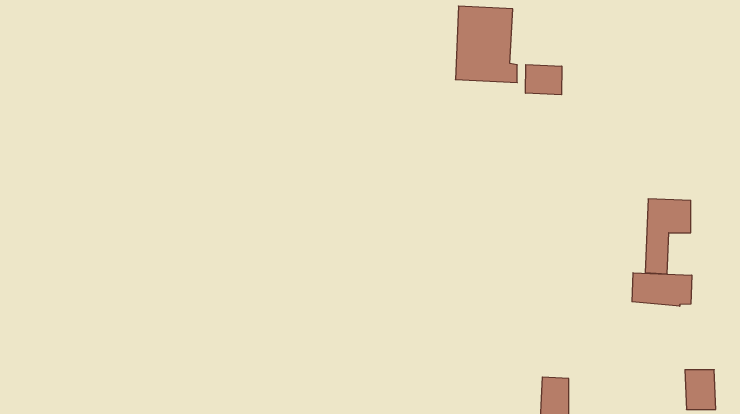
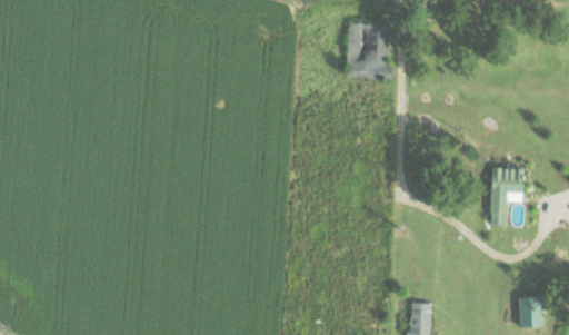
building: [526,65,562,95] -> none
building: [632,273,692,306] -> none

